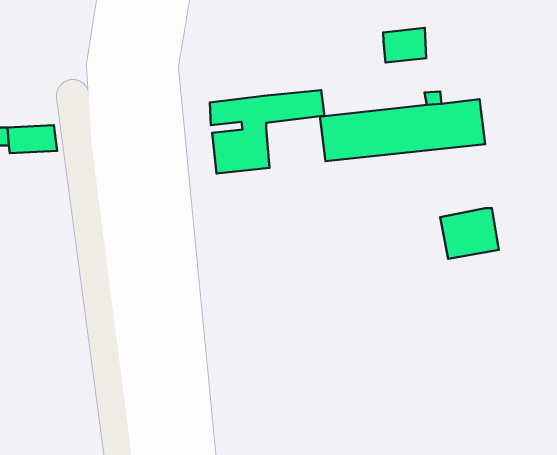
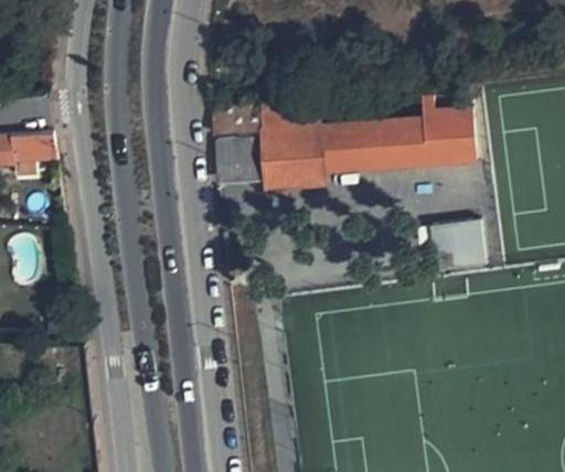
building: [383,28,426,62] -> none
building: none -> [262,128,322,195]

